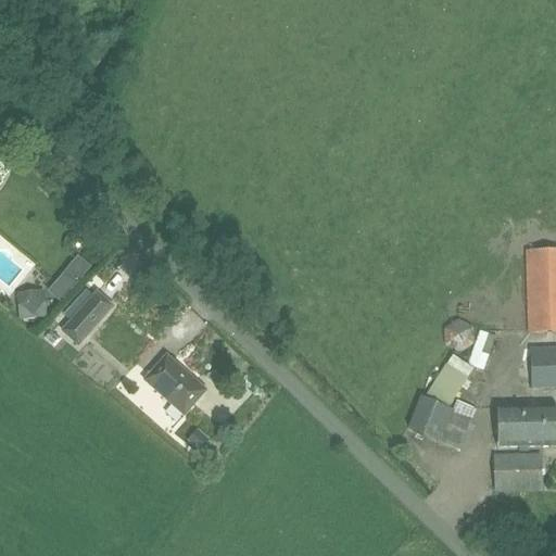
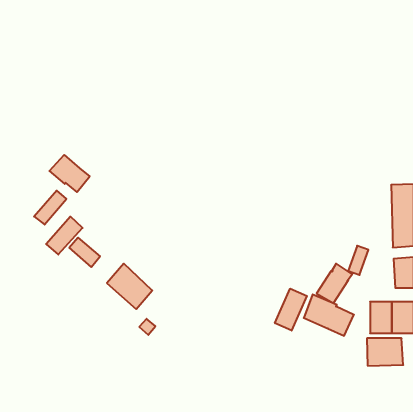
building: none -> [49,155,90,192]
building: [17,288,47,316] -> none
building: none -> [69,238,100,267]
building: none -> [275,289,307,331]

